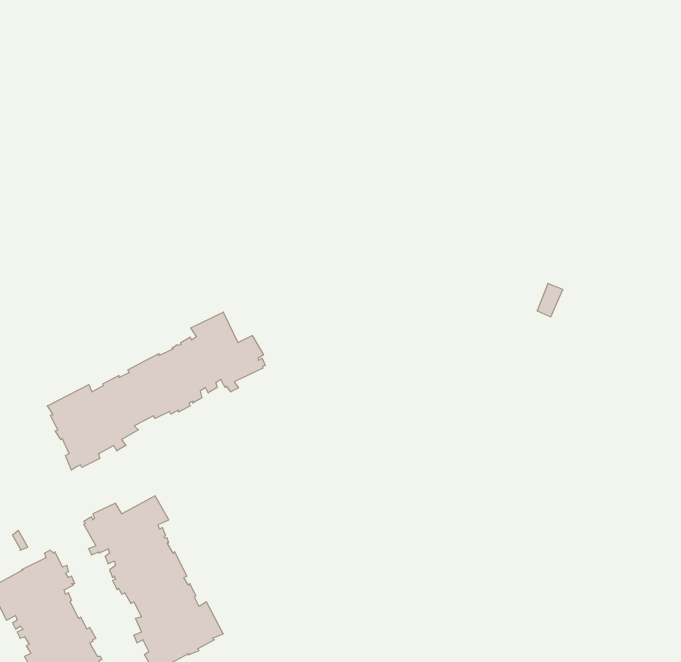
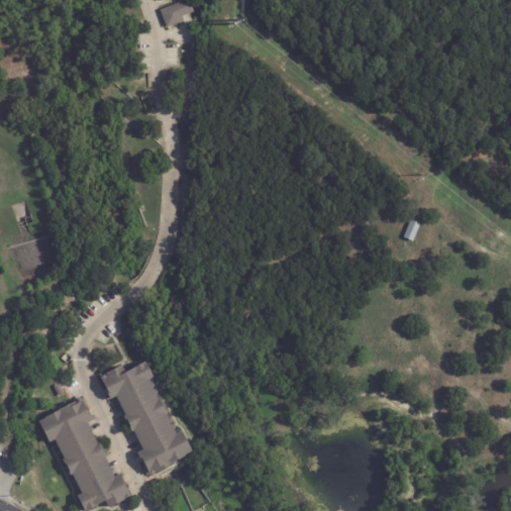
building: [47,312,265,470] -> none

